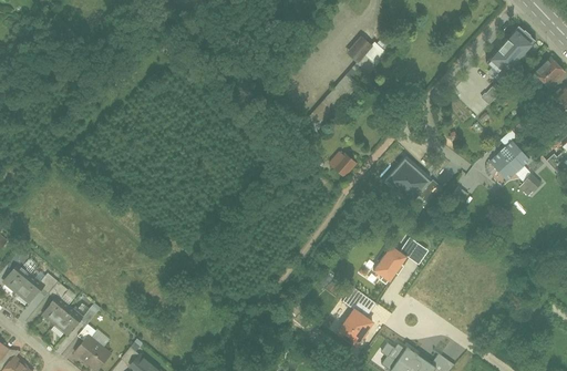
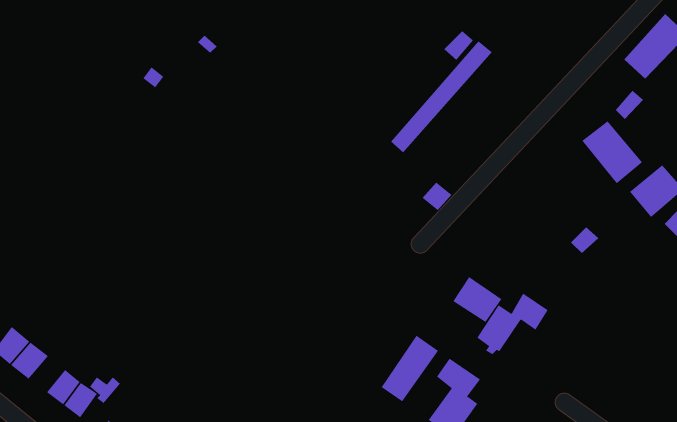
building: none -> [582,120,643,184]
building: [381,154,427,200] -> none
building: none -> [453,276,502,323]
building: none -> [381,335,439,402]

